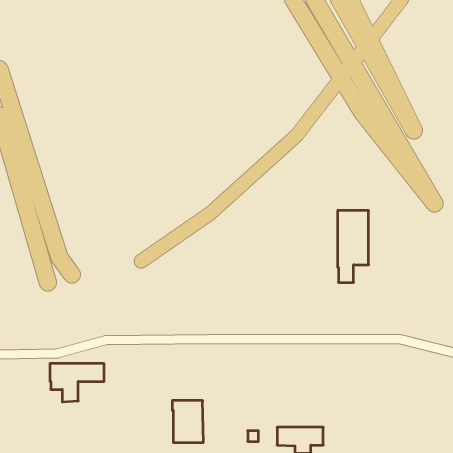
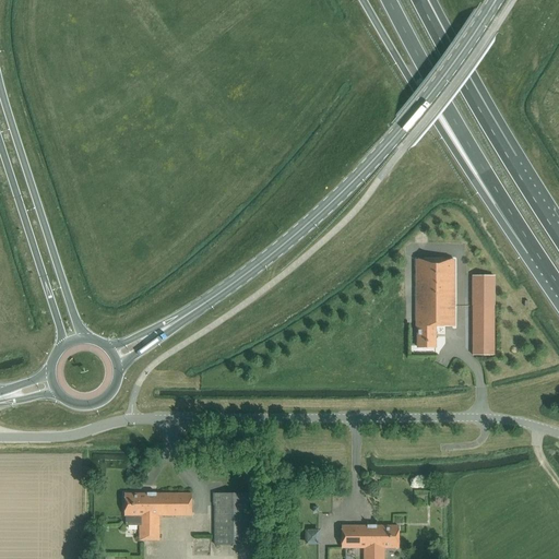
building: none -> [472,275,493,353]
building: [50,364,104,402] -> [123,493,190,540]

